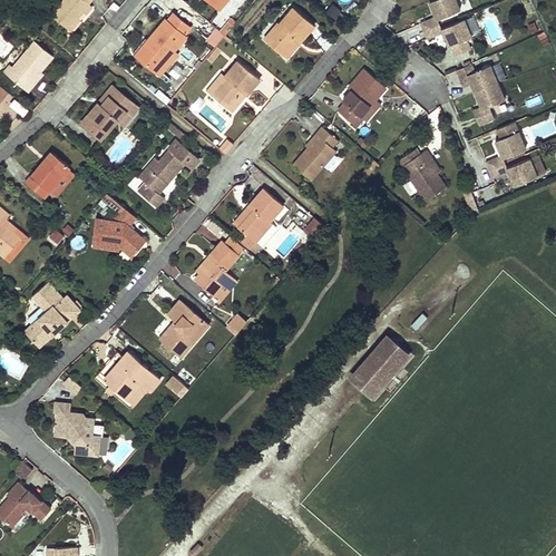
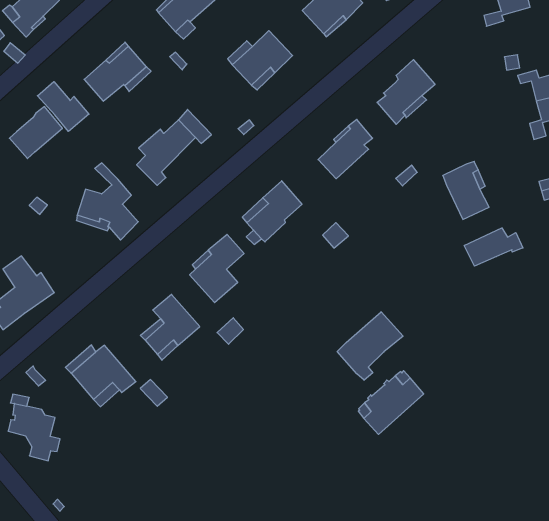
building: [422,21,470,49] -> none
building: none -> [37,82,89,131]
building: none -> [464,228,523,266]
building: none -> [337,312,403,380]

